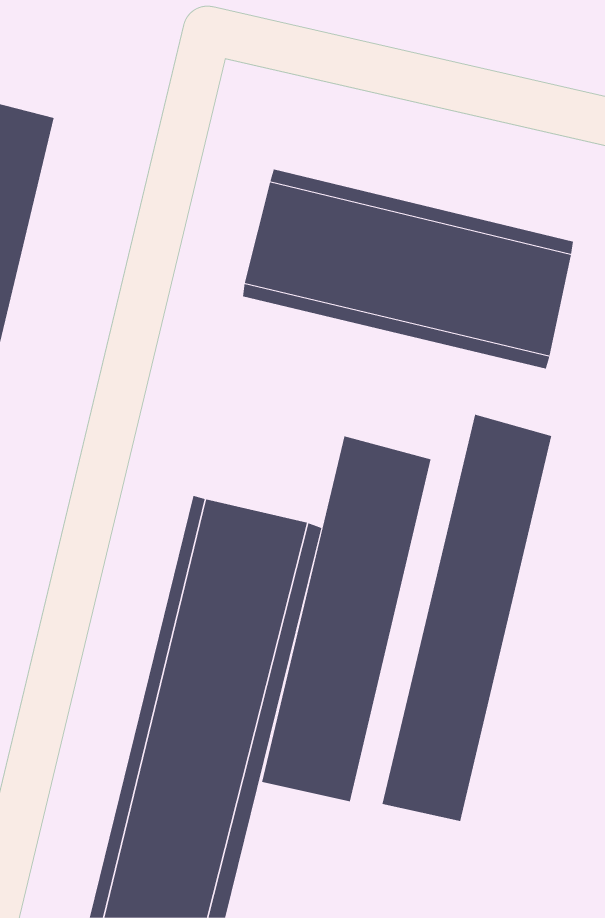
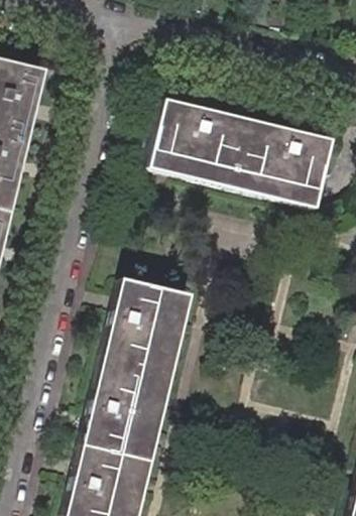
building: [382,414,552,822] -> none
building: [262,435,431,802] -> none

